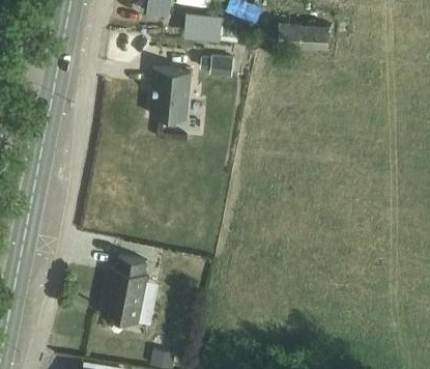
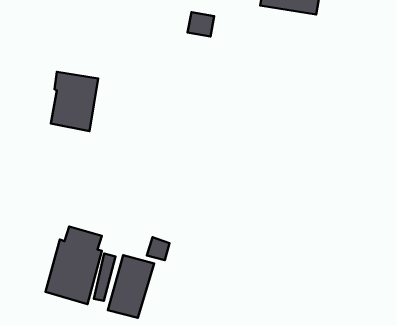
building: [151,70,191,121] -> [51,72,98,131]
building: none -> [108,255,154,318]

